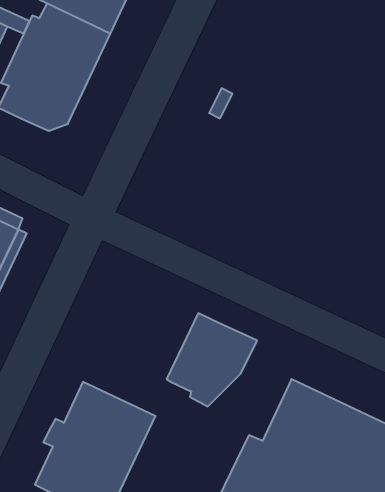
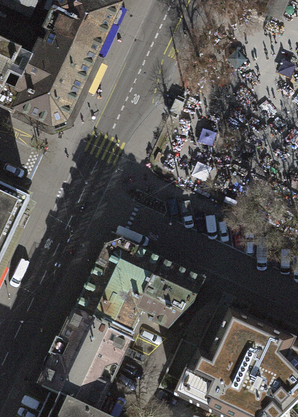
building: none -> [74,240,158,334]

